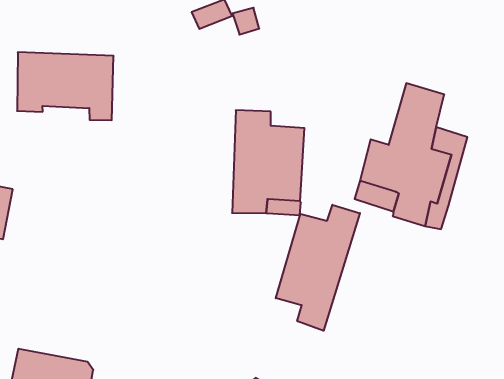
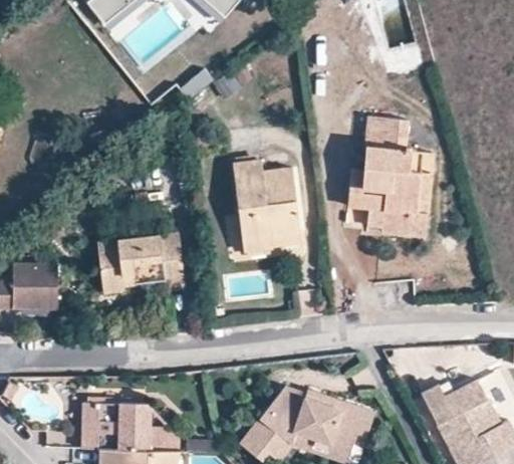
building: [17,52,114,120] -> [96,232,187,293]
building: [276,205,360,331] -> none

